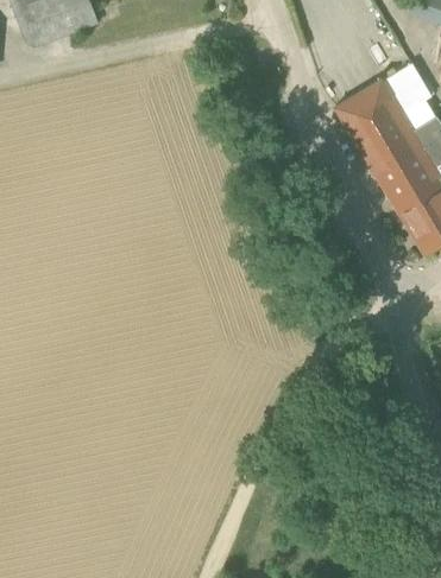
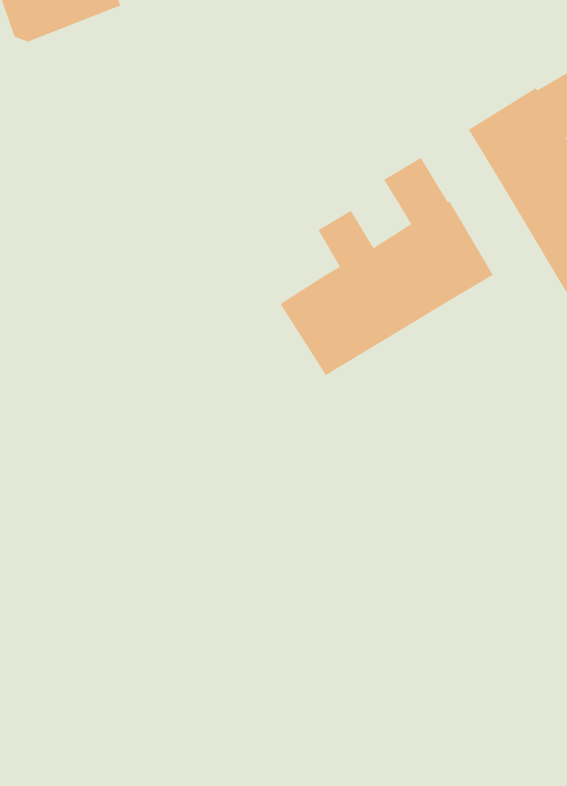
building: none -> [280,157,494,376]

